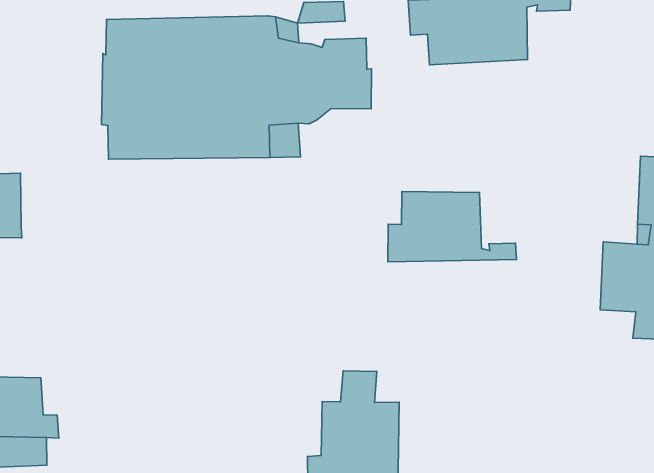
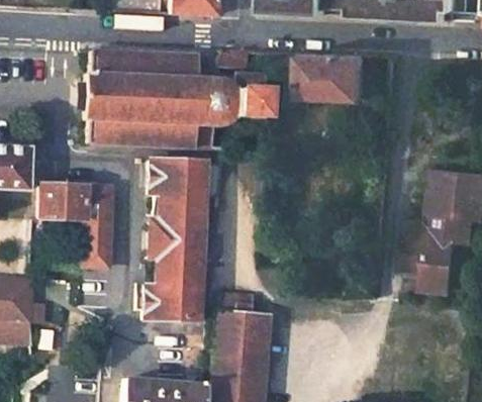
building: none -> [144,164,208,324]
building: [388,192,517,262] -> none
building: none -> [33,187,112,270]

